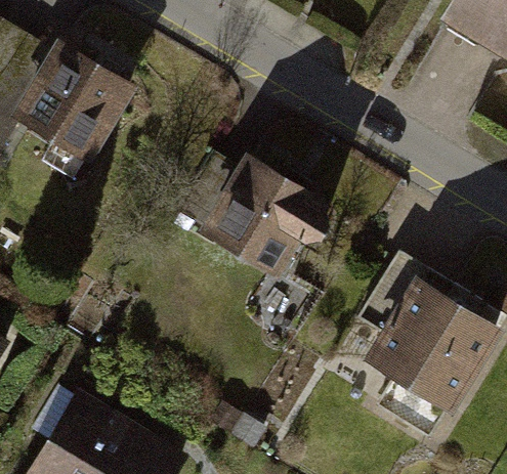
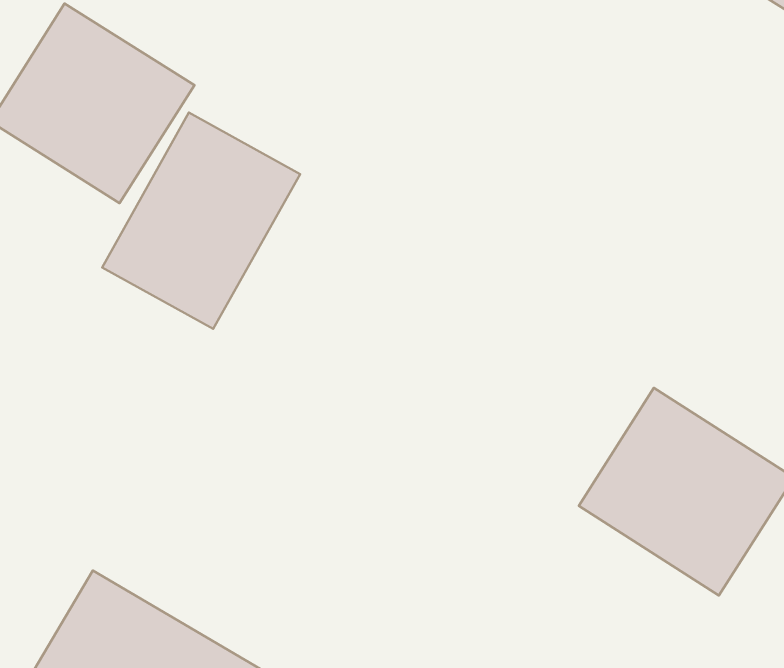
building: none -> [102,113,300,329]
building: [188,149,330,286] -> none

